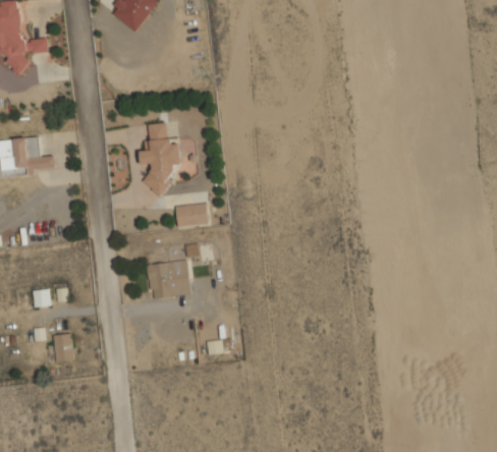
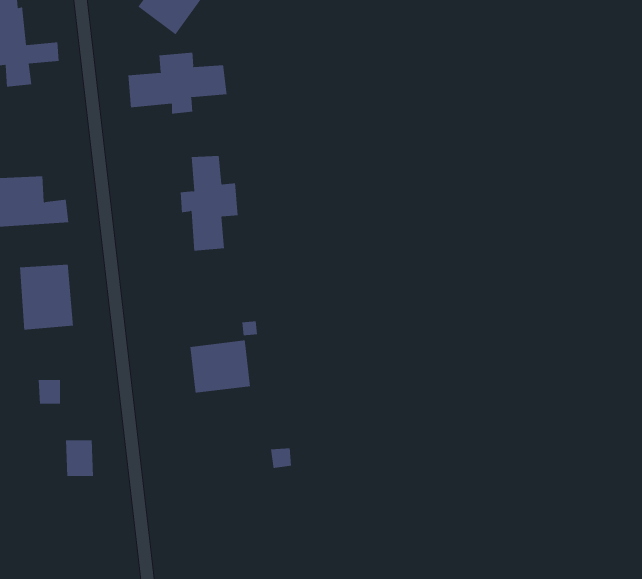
building: none -> [128,52,227,114]
building: none -> [20,264,73,331]
building: [174,204,208,227] -> none

